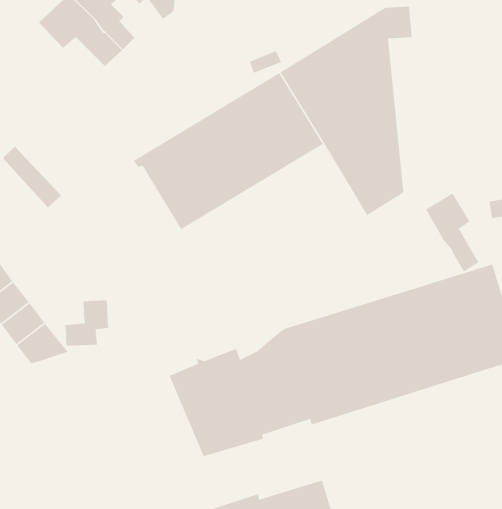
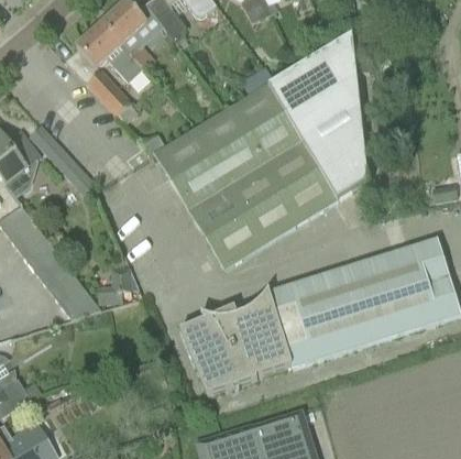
building: none -> [87,70,130,116]
building: none -> [189,143,337,269]
building: [425,193,479,273] -> none

